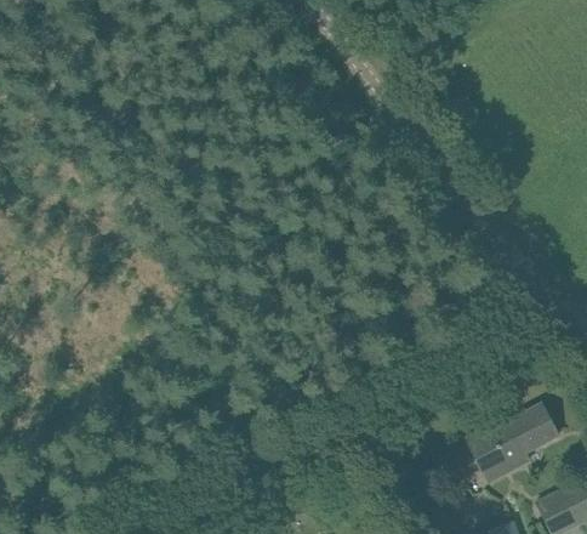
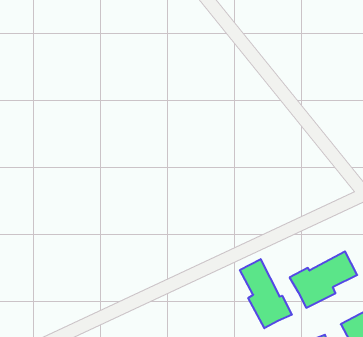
building: none -> [240,259,292,328]

